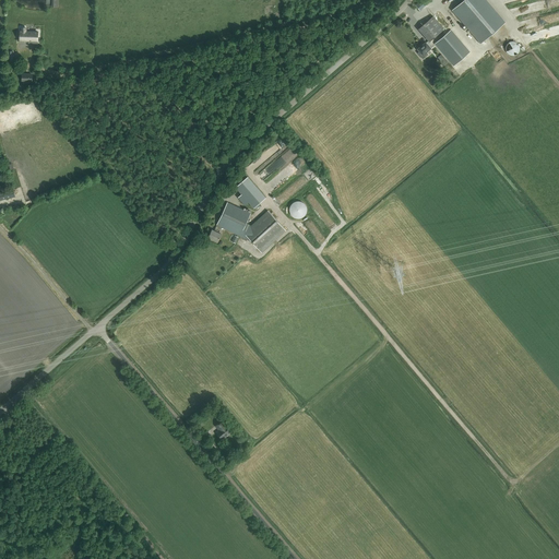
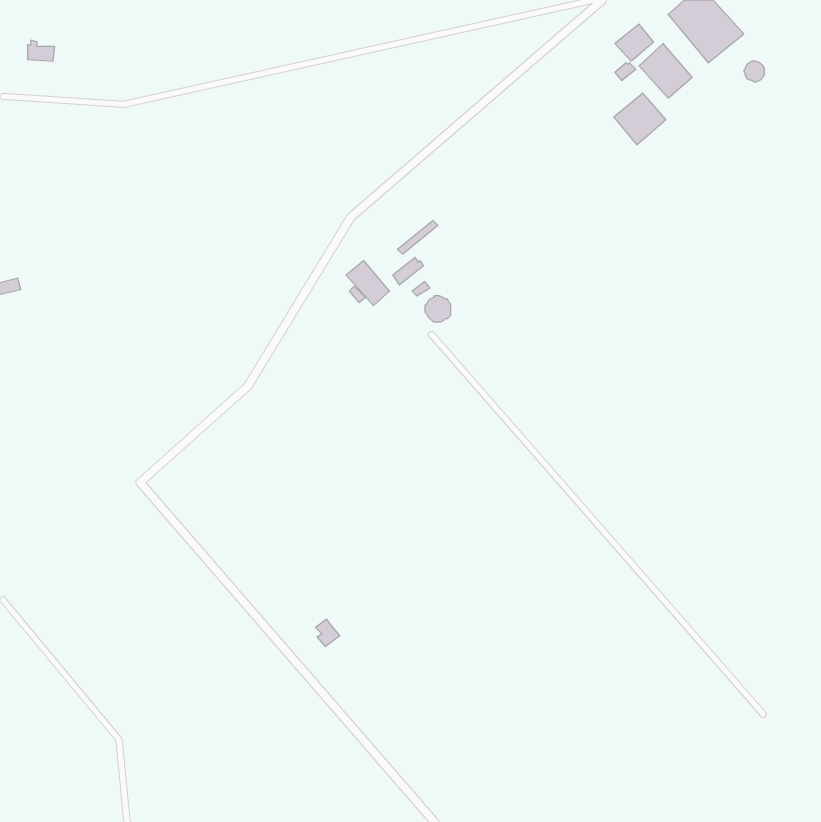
building: none -> [614,93,666,145]
building: [207,202,285,252] -> none

